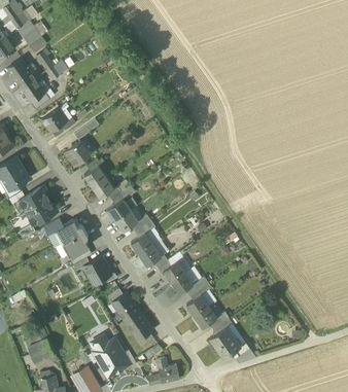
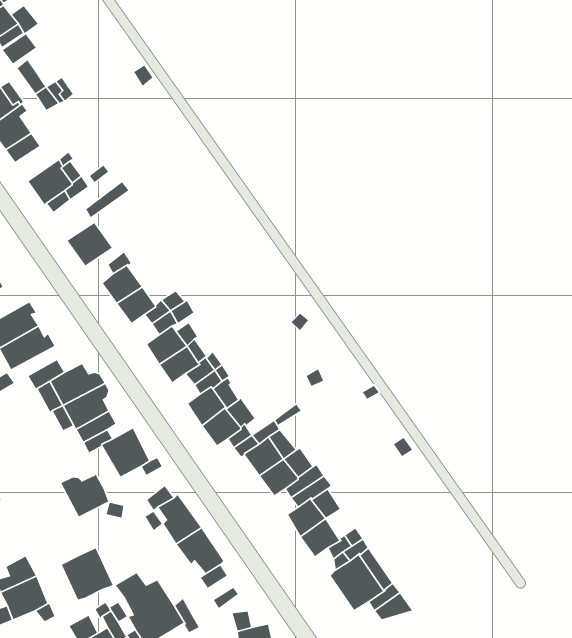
building: none -> [60,473,109,518]
building: none -> [61,547,115,600]

